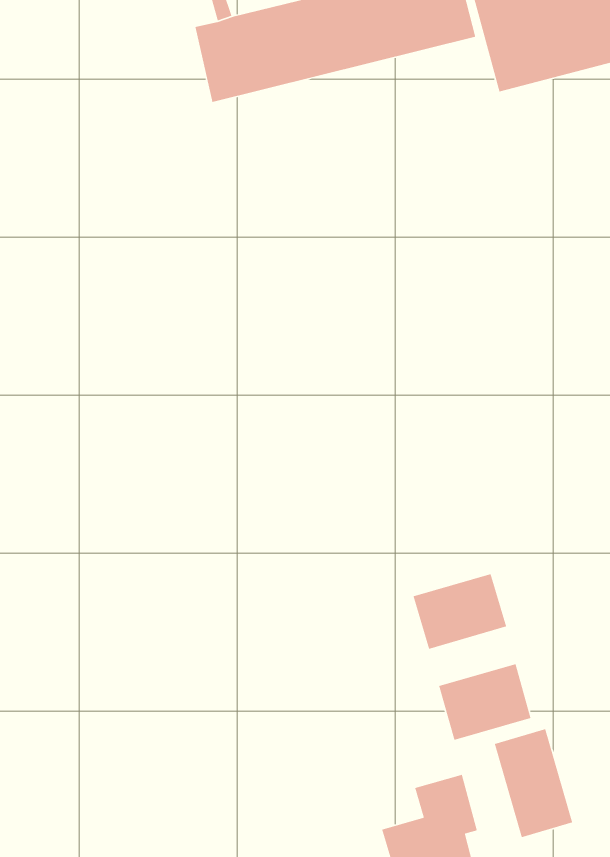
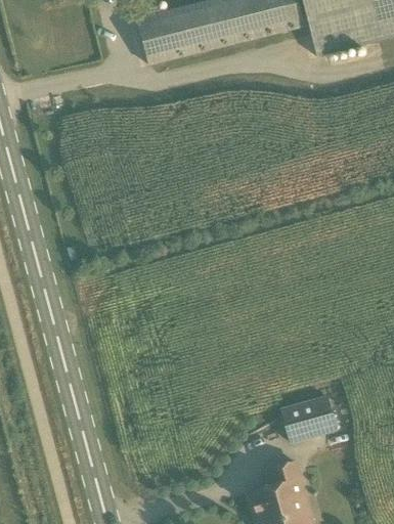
building: [413,573,507,650] -> none
building: [494,728,573,838] -> none

